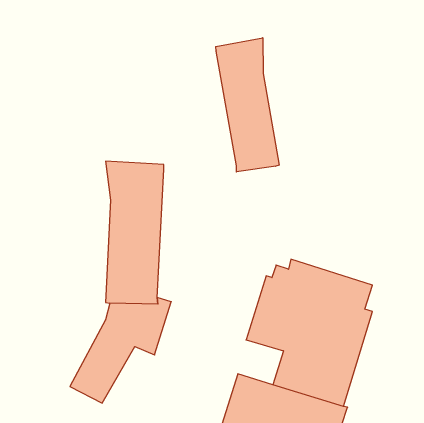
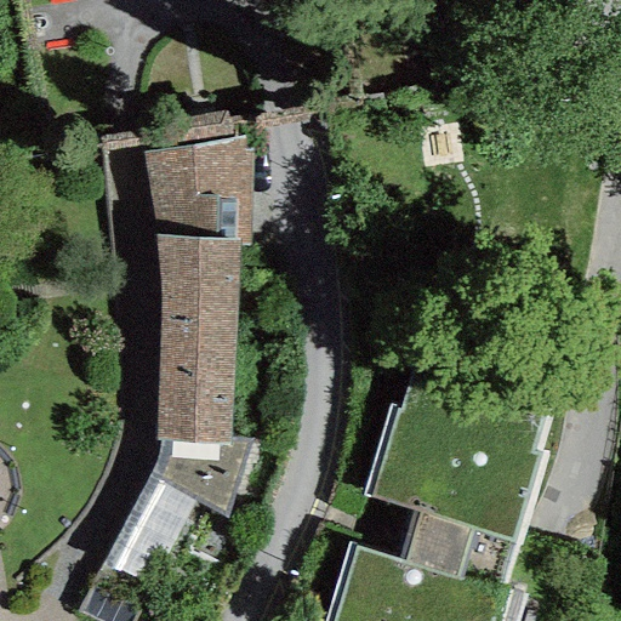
building: [216,38,279,172] -> none
building: none -> [139,114,256,250]

